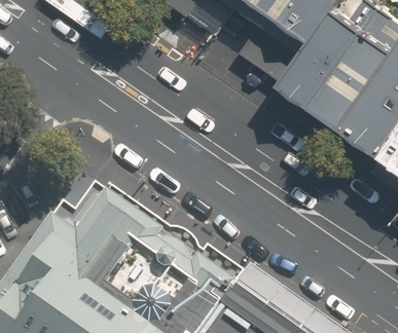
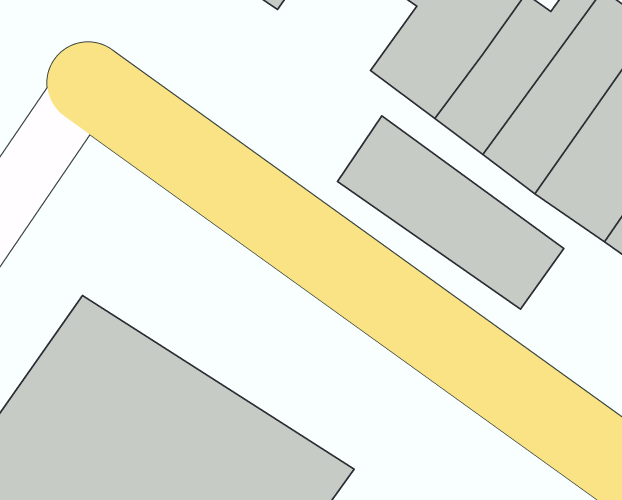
building: none -> [338,116,564,309]

